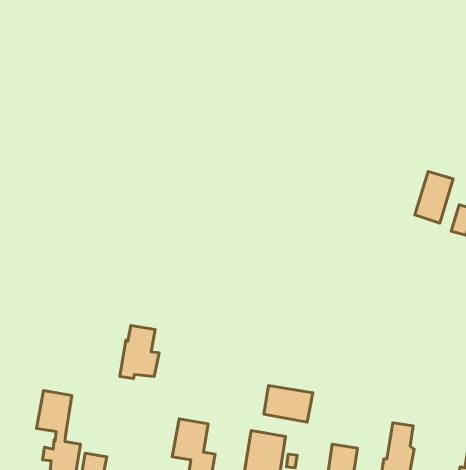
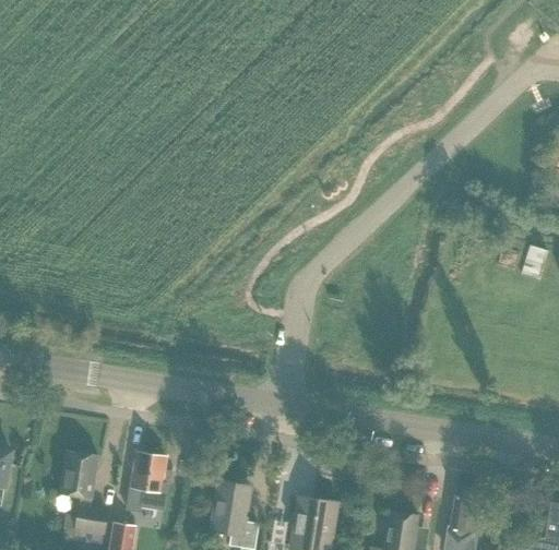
building: [415,172,453,223] -> none
building: [120,326,159,378] -> [127,455,170,514]
building: [264,385,313,422] -> none

